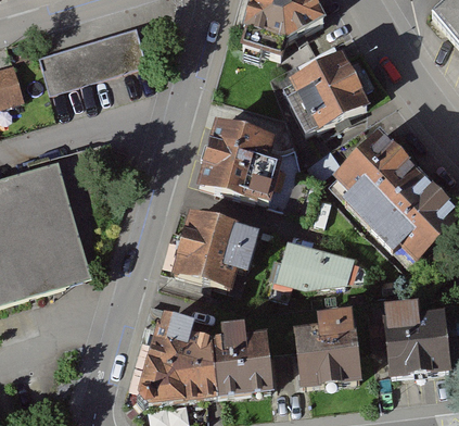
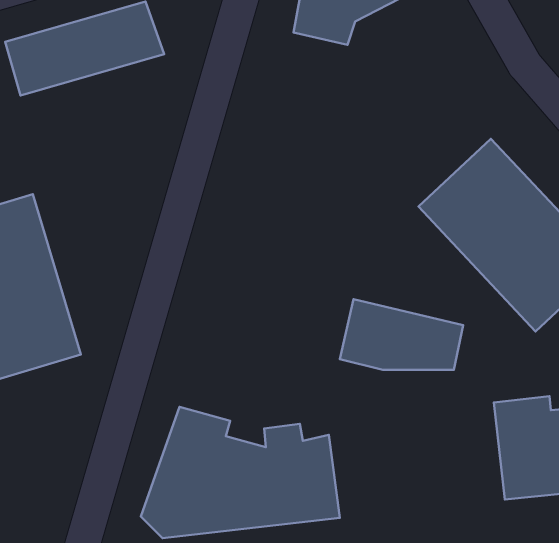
building: [288,50,369,133] -> none
building: [197,117,291,204] -> none
building: [170,212,255,293] -> none
building: [293,312,360,388] -> none

